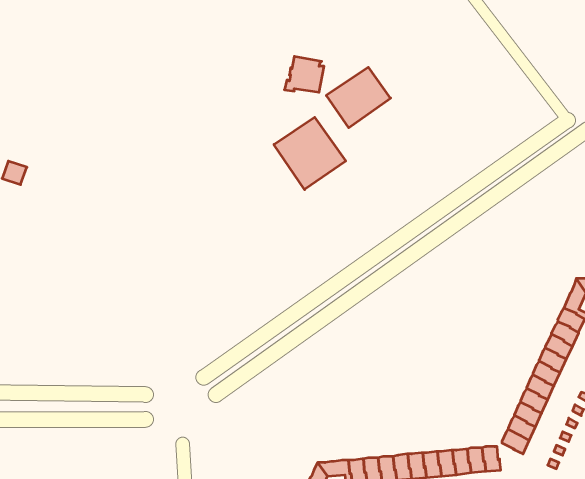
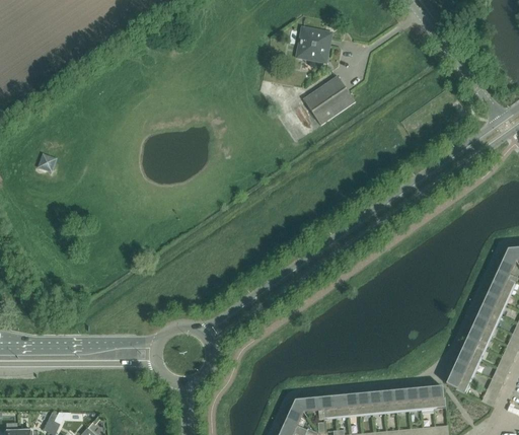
building: [284,56,324,92] -> [295,29,327,59]
building: [274,117,346,190] -> none

